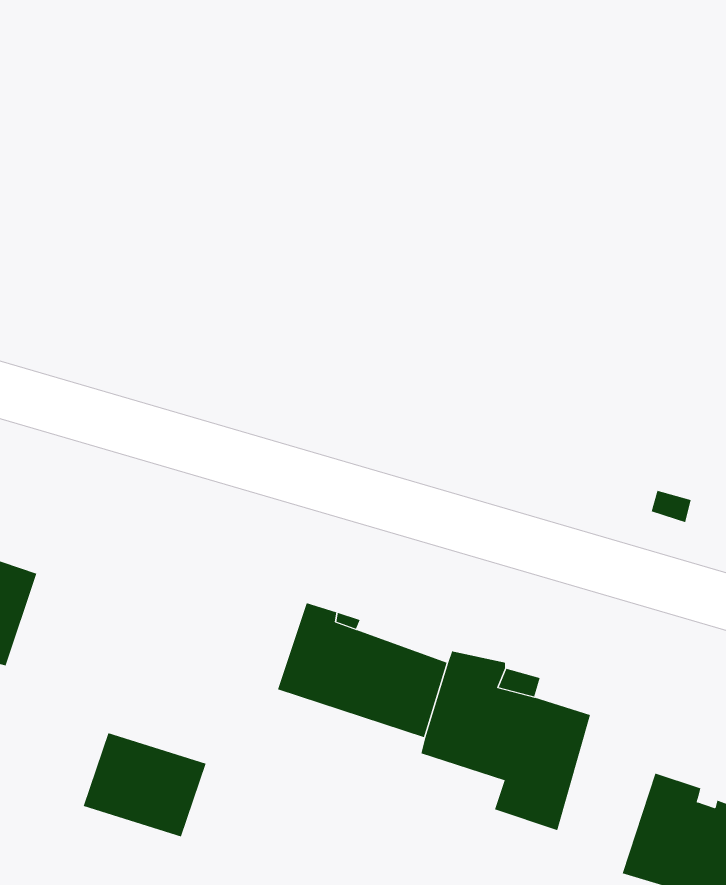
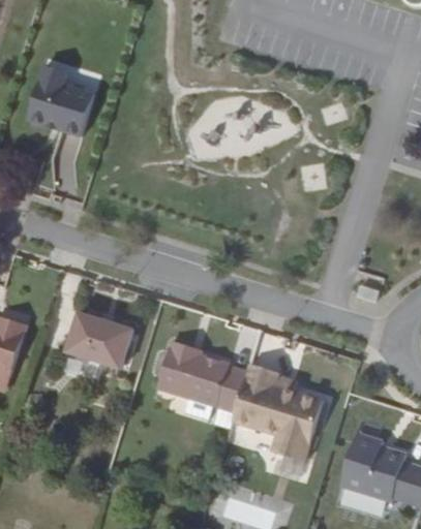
building: none -> [30,67,95,139]
building: [83,733,207,837] -> [66,312,132,368]

